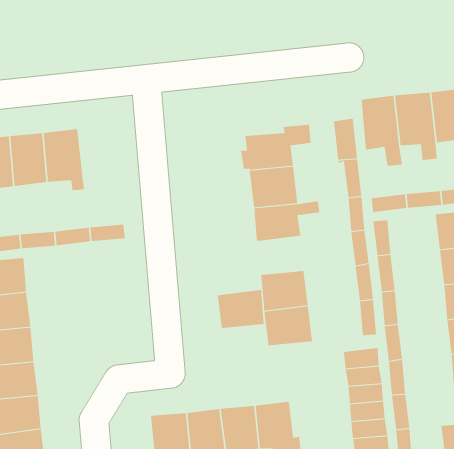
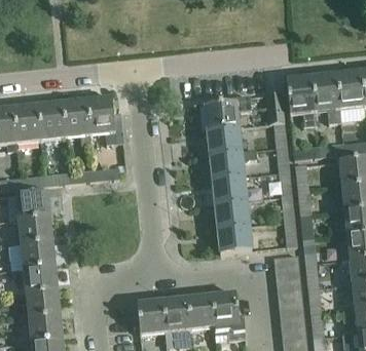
building: none -> [85,96,116,144]
building: [217,290,265,329] -> [212,174,246,202]

